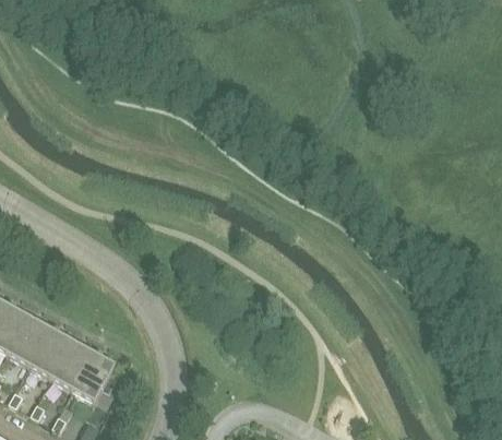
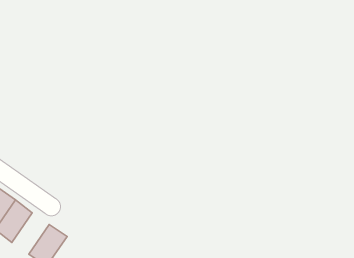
building: [50,338,93,389] -> none

